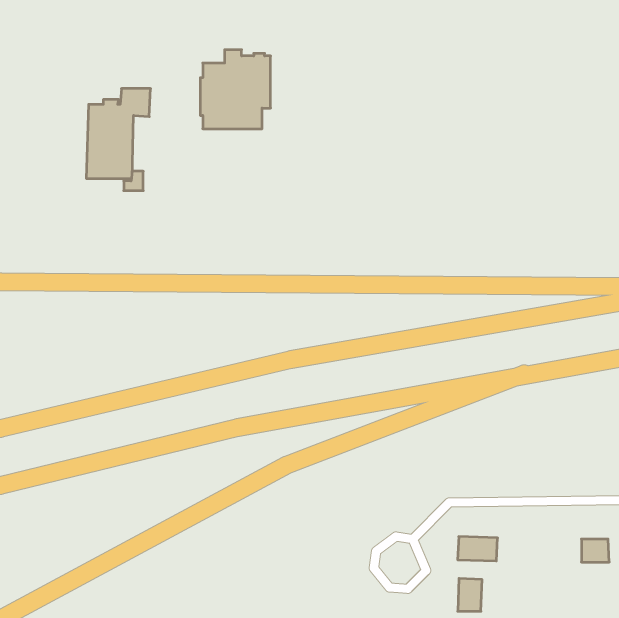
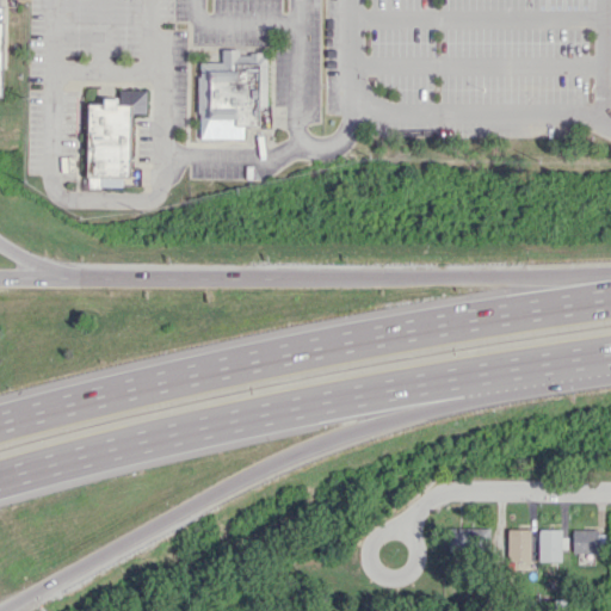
building: none -> [538,531,564,564]
building: [458,578,482,611] -> [507,531,531,563]

